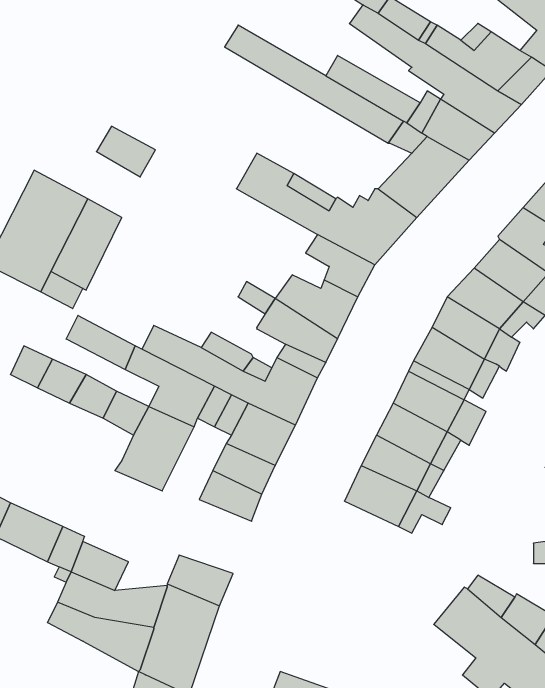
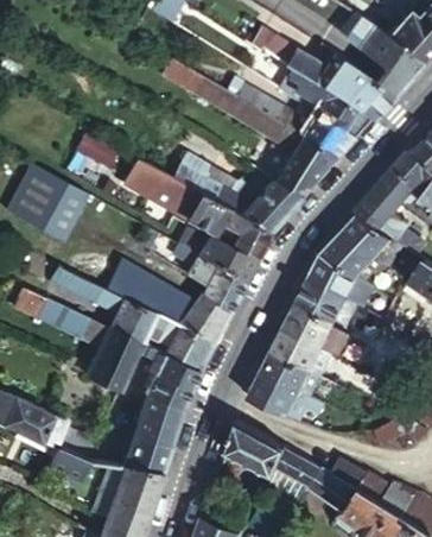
building: none -> [140,165,229,234]
building: none -> [132,396,183,448]
building: none -> [224,419,332,491]

